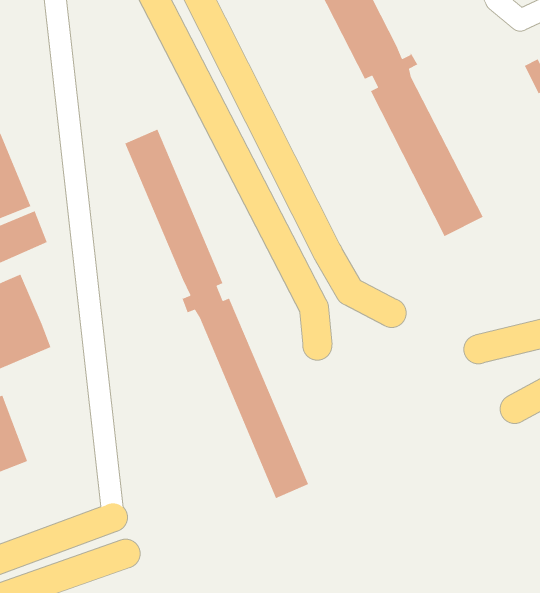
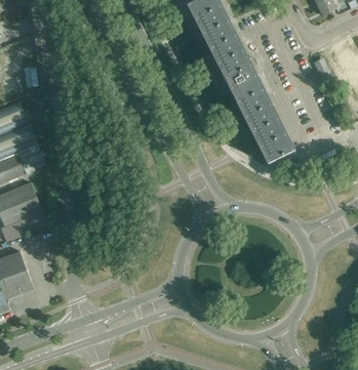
building: [124,129,309,499] -> none

